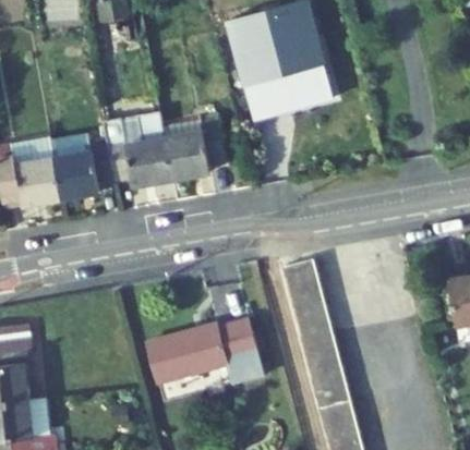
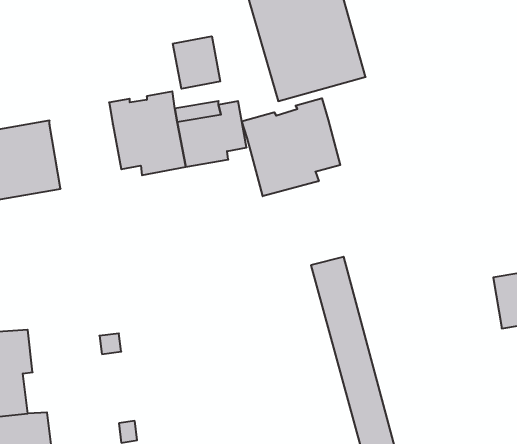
building: none -> [173,36,220,89]
building: none -> [242,98,340,196]
building: [48,135,112,199] -> none
building: [146,320,262,386] -> none

